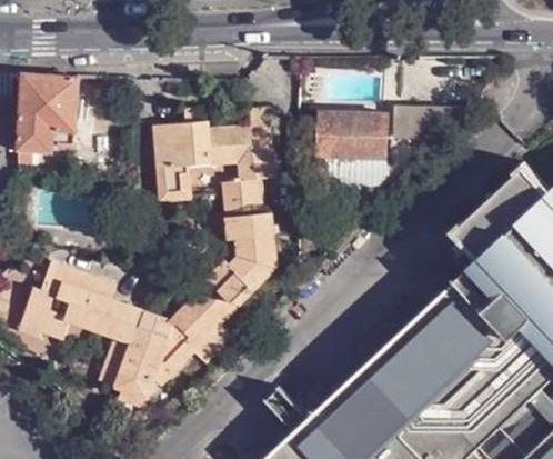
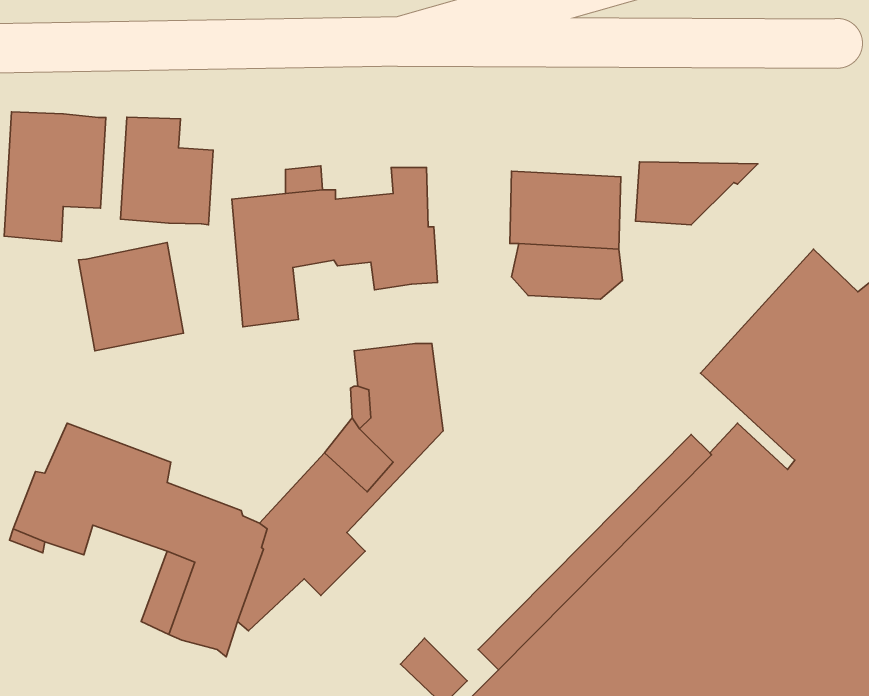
building: none -> [121,117,213,225]
building: none -> [78,242,183,351]
building: [223,179,264,219] -> none

